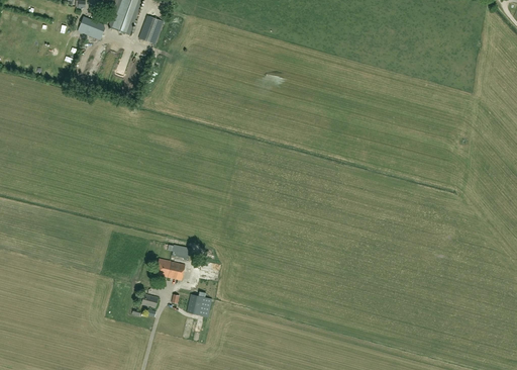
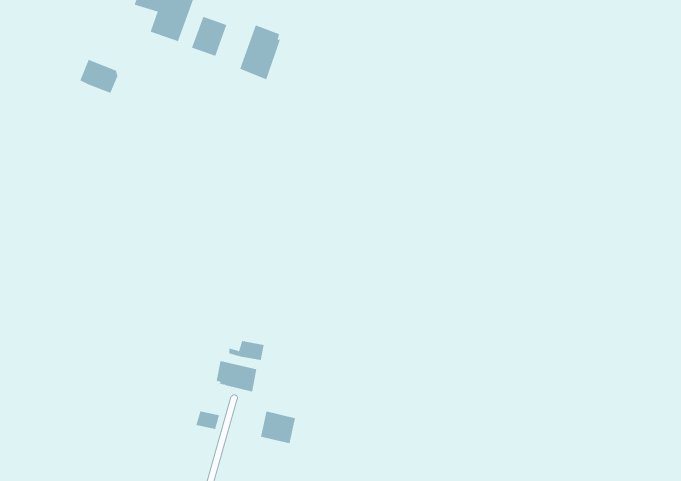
building: [78,16,105,40] -> [79,59,118,93]
building: none -> [239,25,281,80]

